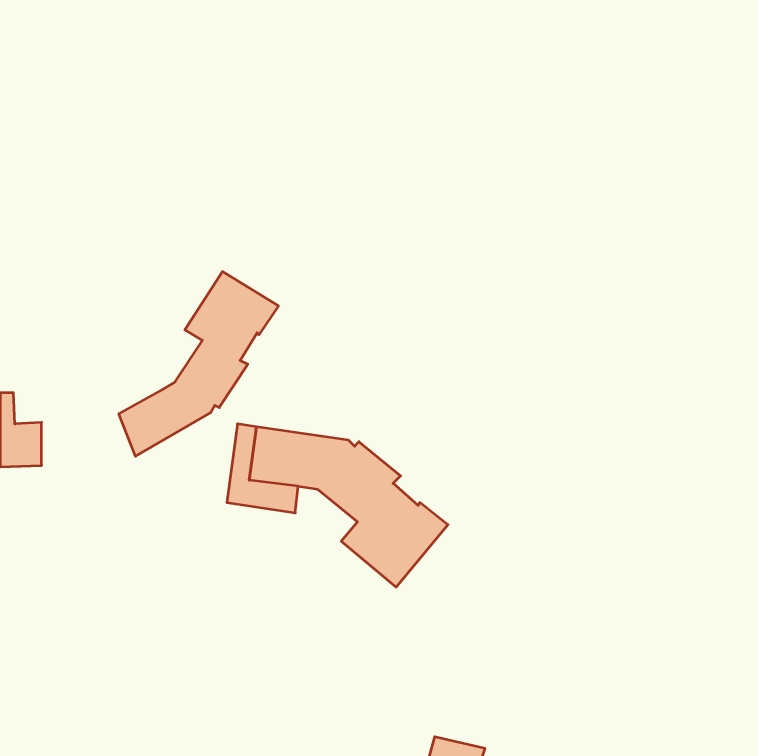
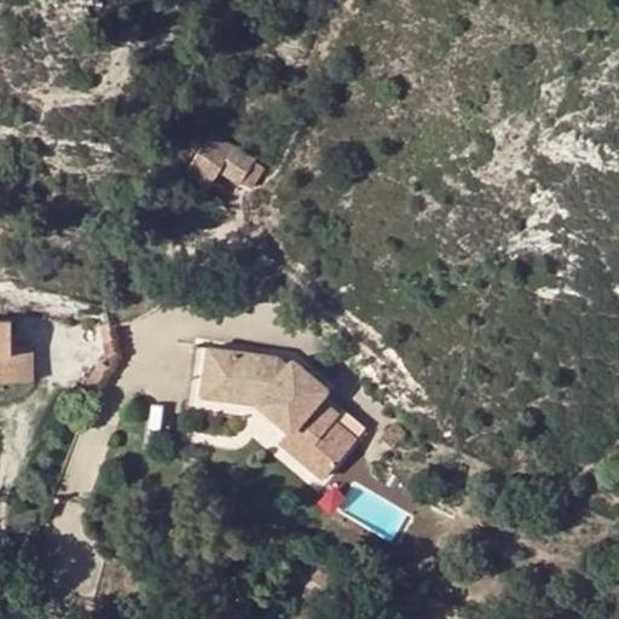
building: none -> [187,132,270,193]
building: [119,272,278,456] -> none

